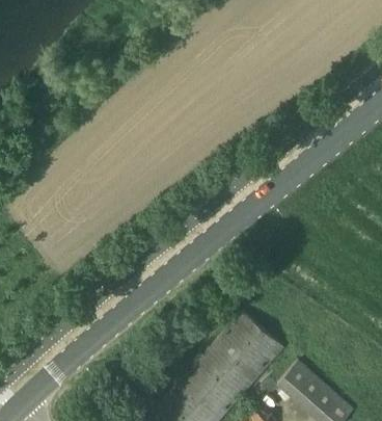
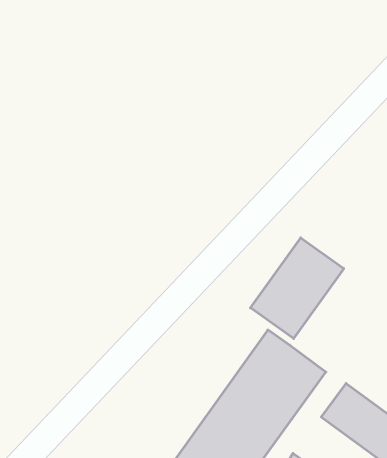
building: none -> [250,238,344,339]

